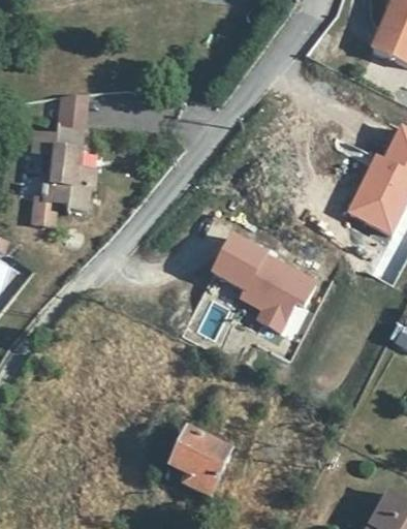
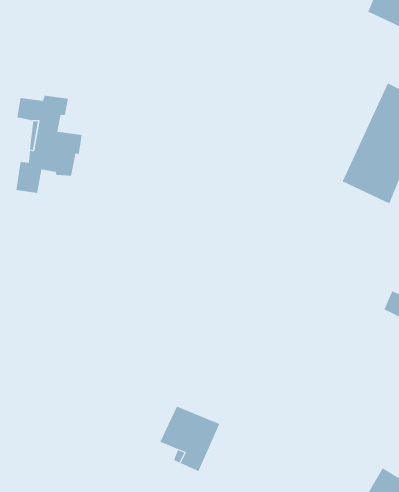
building: [60,93,89,133] -> none
building: [207,231,319,331] -> none

